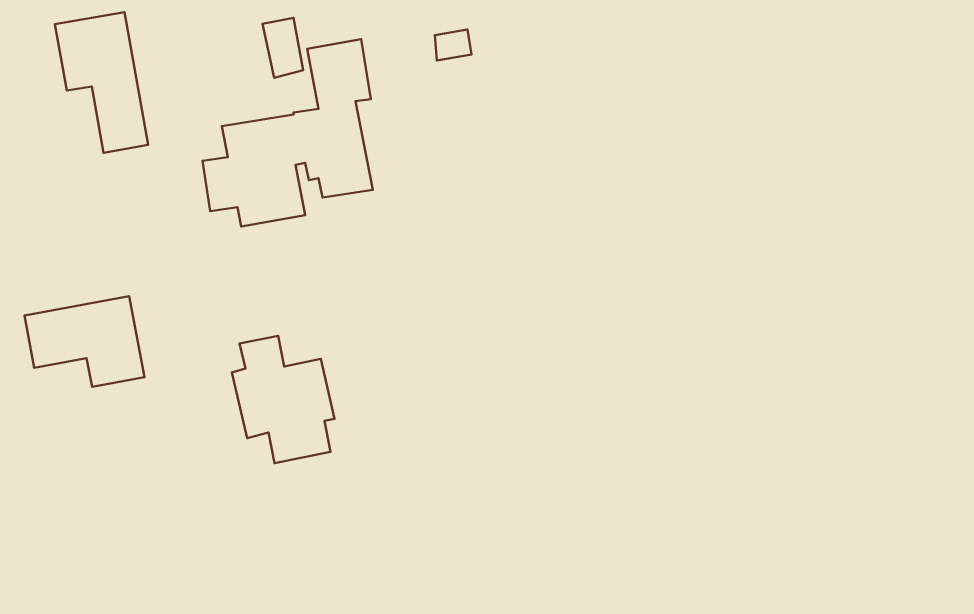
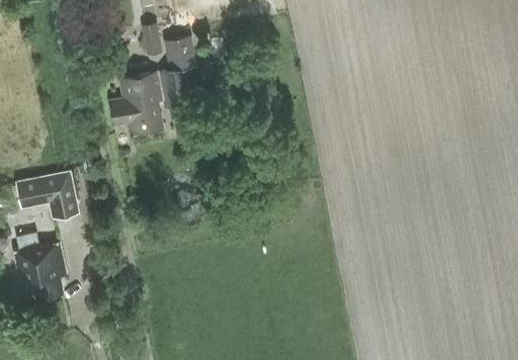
building: [55,12,148,153] -> none
building: [232,336,334,463] -> [11,232,65,298]

